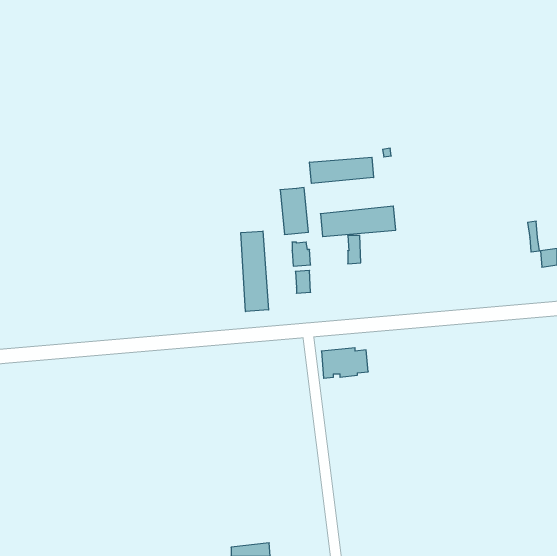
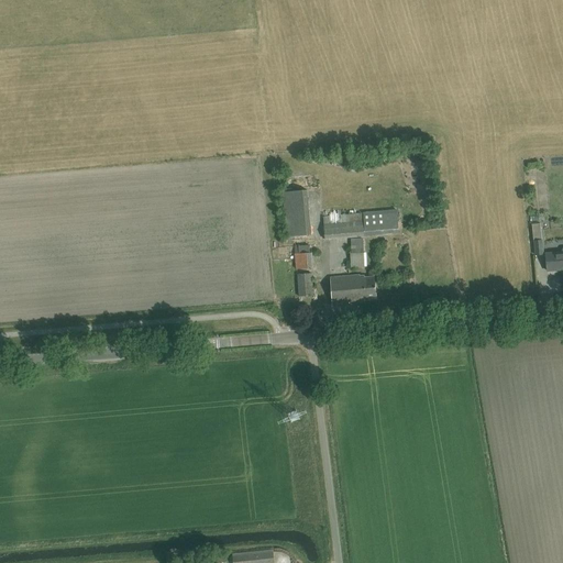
building: [310,157,374,183] -> none
building: [241,231,269,312] -> none
building: [321,348,368,378] -> [330,273,377,303]

